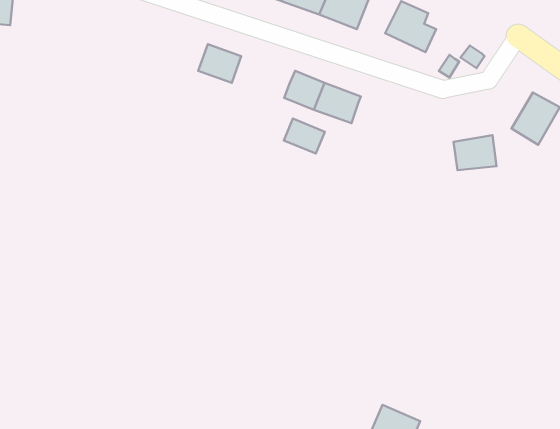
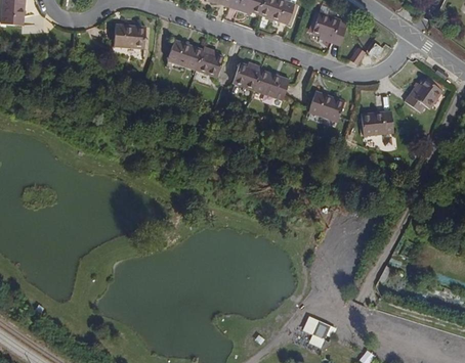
building: none -> [113,25,145,49]
building: none -> [192,49,221,78]
building: none -> [308,89,345,122]
building: [284,119,325,154] -> none

